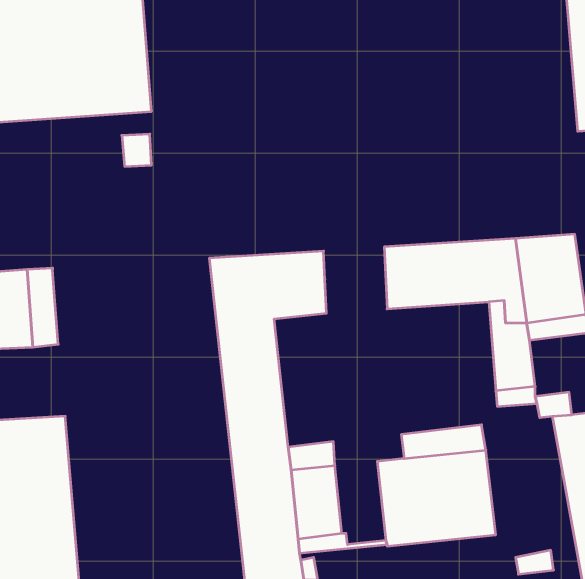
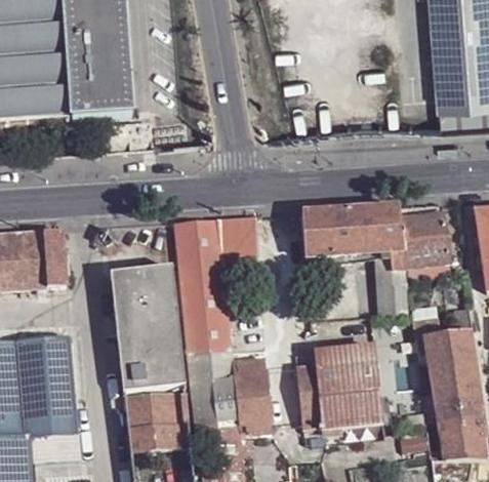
building: none -> [111,266,186,391]
building: none -> [125,391,189,447]

